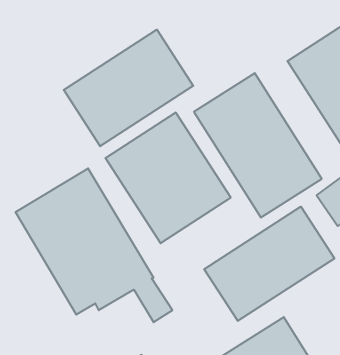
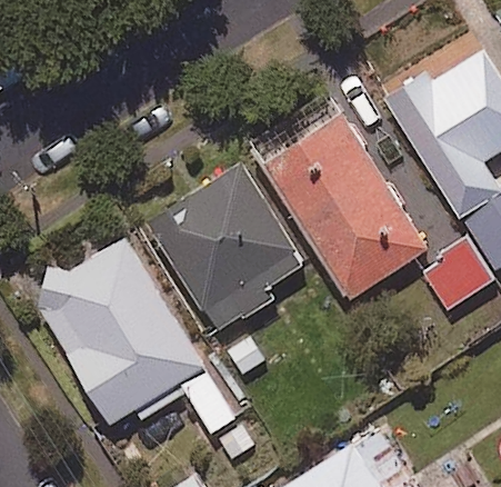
building: [64,30,193,146] -> none
building: [204,207,334,321] -> none

